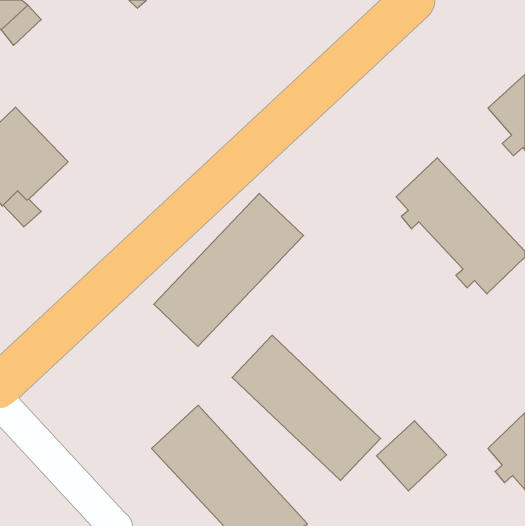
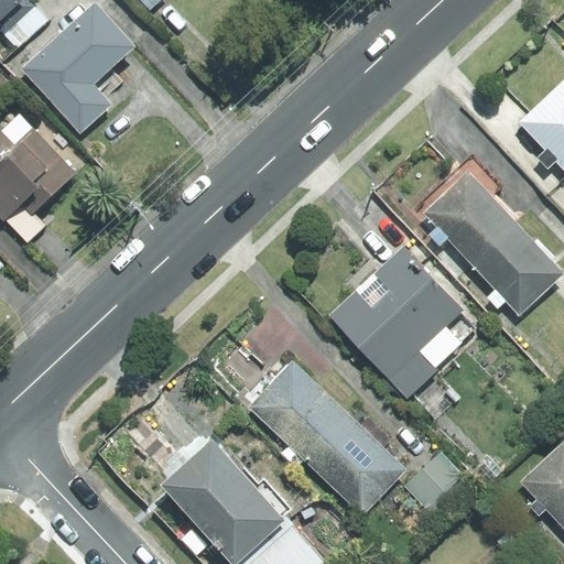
building: none -> [21,6,131,133]
building: [154,193,304,346] -> none
building: none -> [328,246,466,399]

